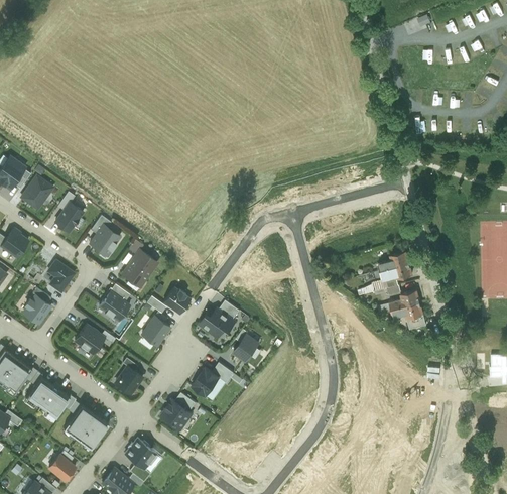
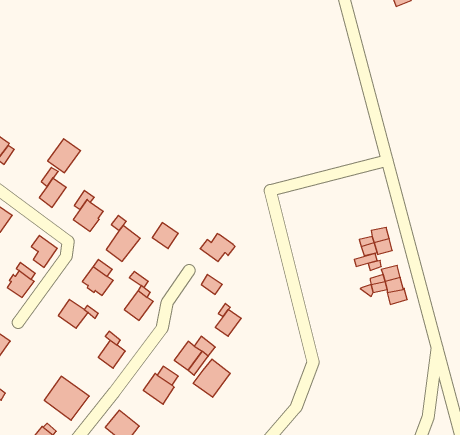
building: [20,176,53,211] -> [48,139,81,173]
building: [163,288,189,315] -> [152,223,178,249]
building: [200,310,235,338] -> [200,234,235,262]
building: [20,375,68,421] -> none
building: none -> [193,359,230,397]

